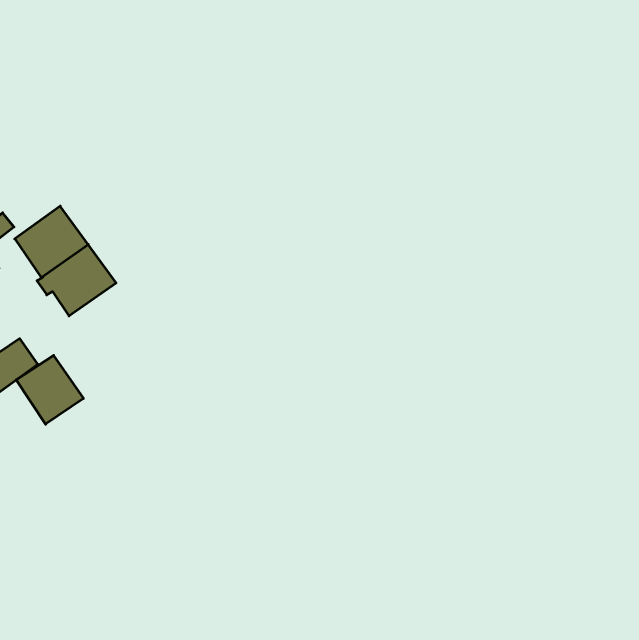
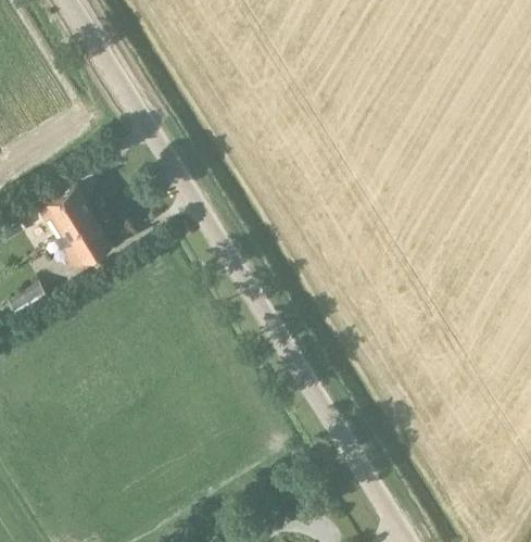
building: [16,355,83,424] -> none

